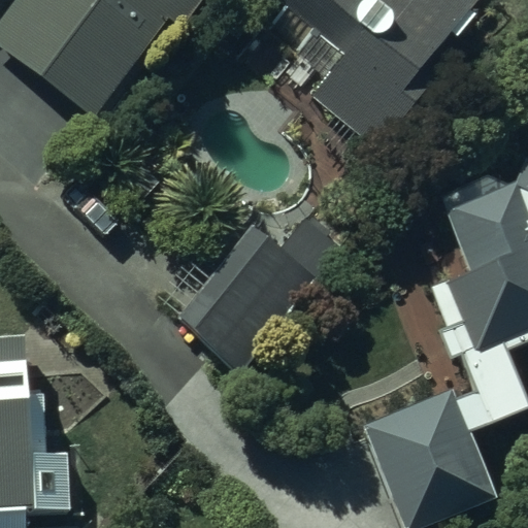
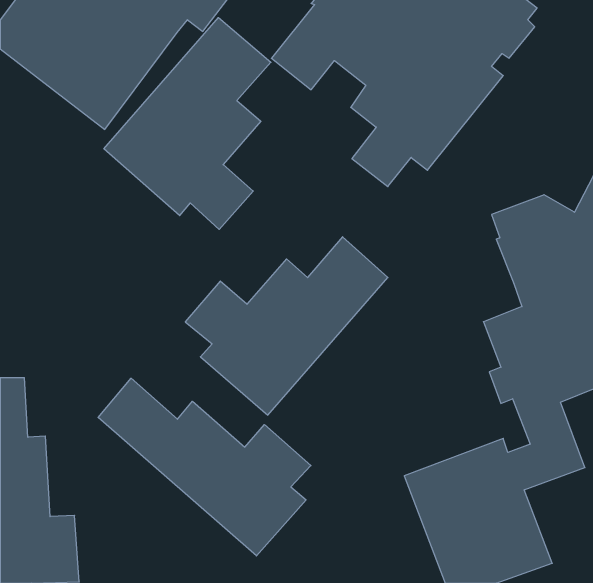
building: none -> [104,18,271,229]
building: none -> [98,378,311,556]

